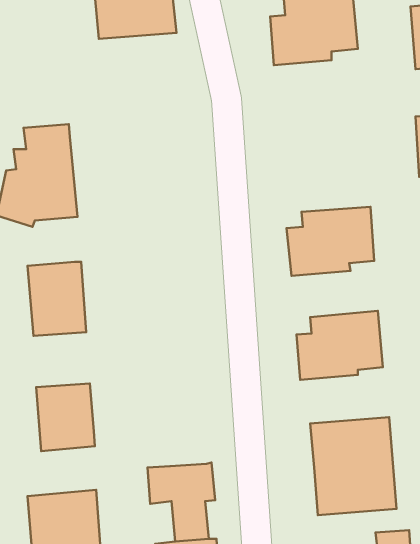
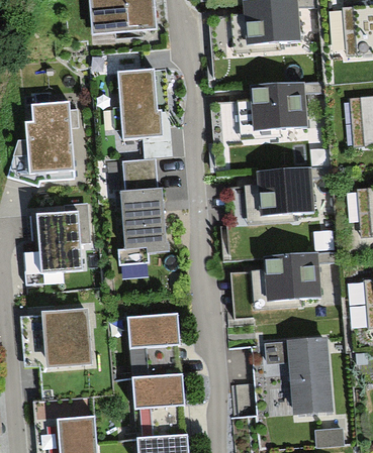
building: none -> [116,69,162,140]
building: none -> [238,82,308,139]
building: none -> [116,158,168,265]
building: none -> [125,316,179,377]

